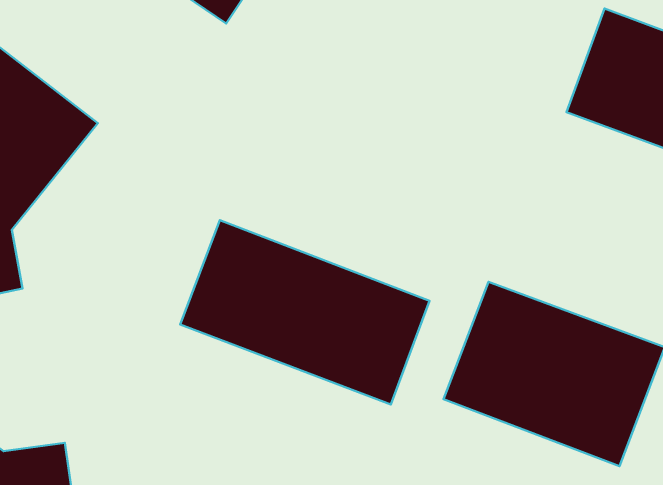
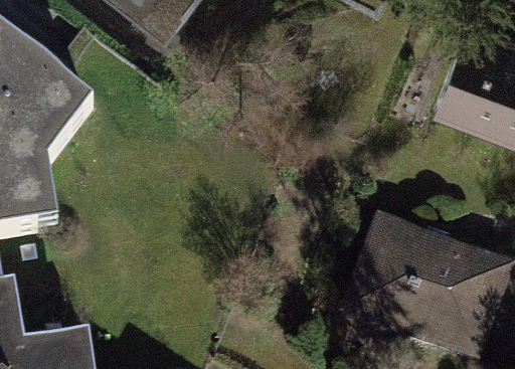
building: [180,220,430,404] -> none

